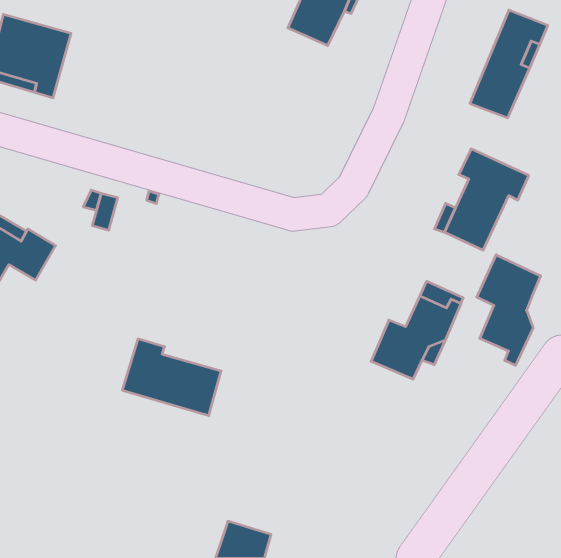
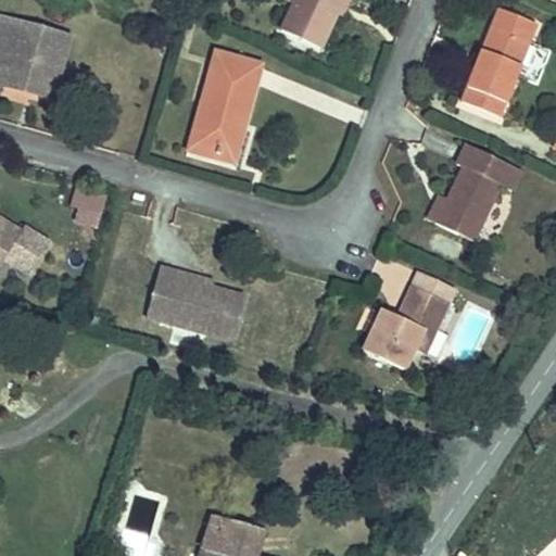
building: none -> [191,48,263,152]
building: [477,255,541,365] -> none
building: [122,339,221,416] -> [147,264,243,339]

